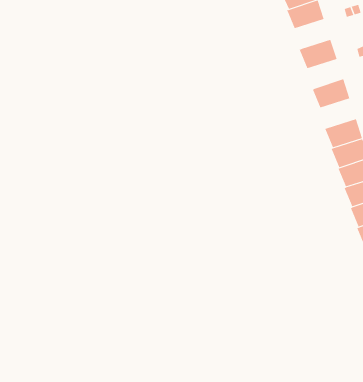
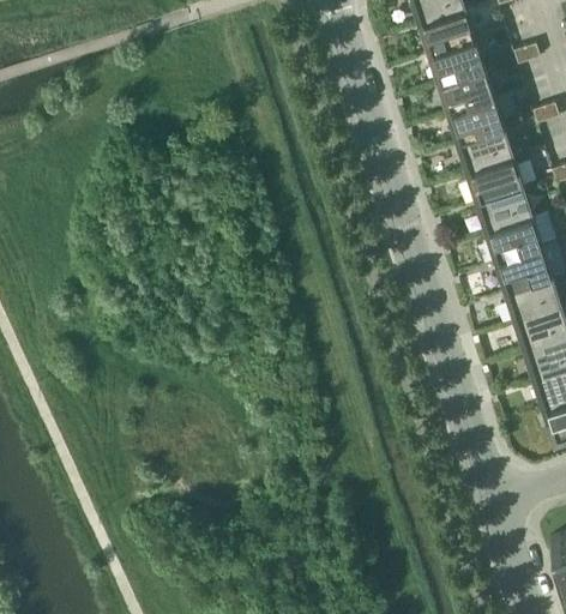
building: none -> [441,65,499,109]
building: none -> [460,125,518,169]
building: none -> [480,183,537,228]

